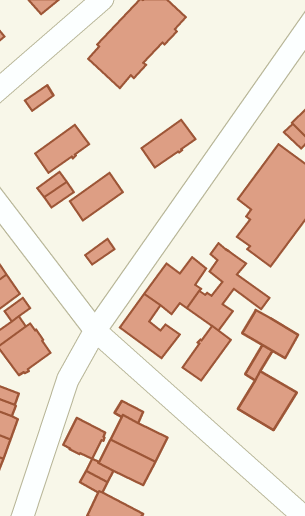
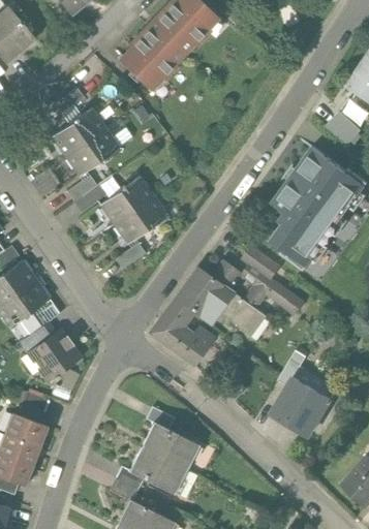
building: none -> [52,107,105,156]
building: [141,120,195,168] -> [114,195,168,244]
building: [242,310,298,358] -> none
building: [183,326,231,380] -> none
building: [63,418,105,459] -> none

